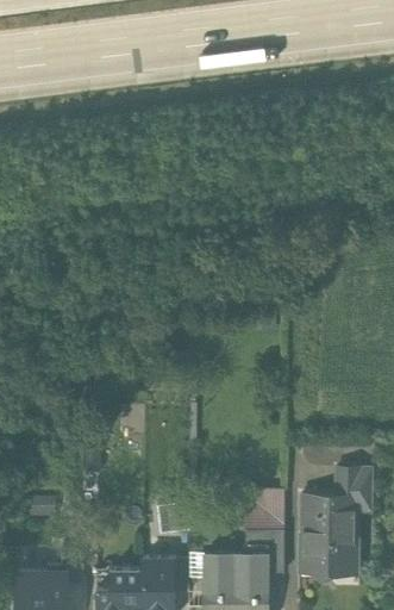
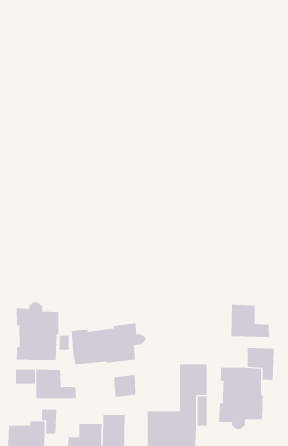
building: none -> [16,301,59,361]
building: none -> [231,304,269,338]
building: none -> [71,323,146,365]
building: none -> [36,369,77,399]

